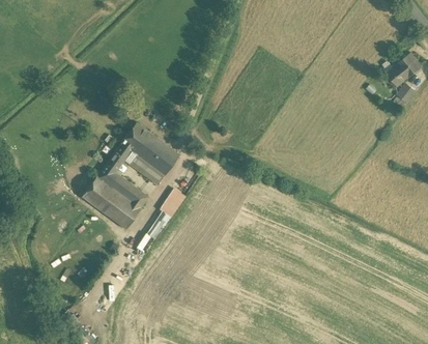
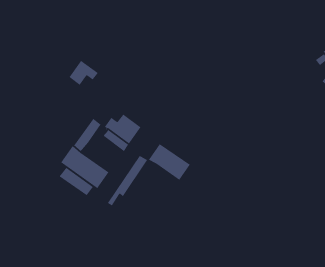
building: [120,122,156,153] -> [69,60,99,86]
building: [106,173,148,208] -> [58,167,94,196]
building: none -> [148,143,191,181]

